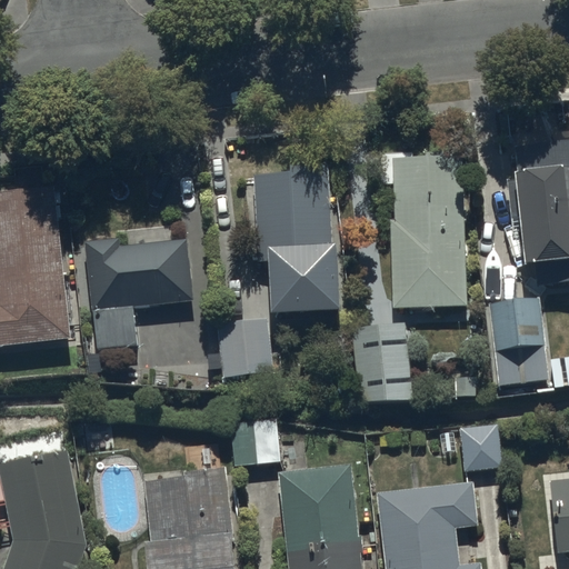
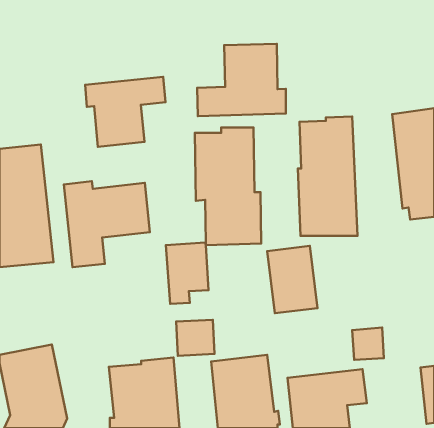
building: none -> [197,44,286,116]
building: none -> [85,77,166,147]
building: [488,298,550,389] -> none

